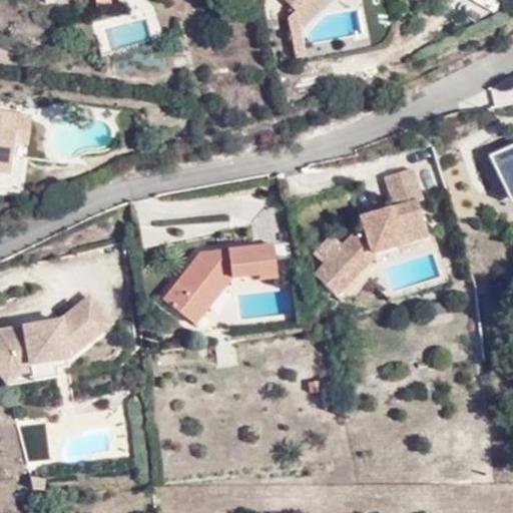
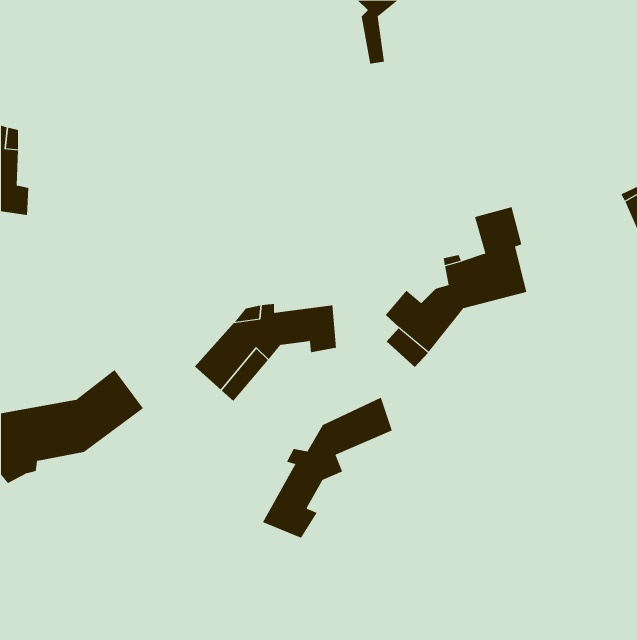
building: none -> [262,397,392,538]

